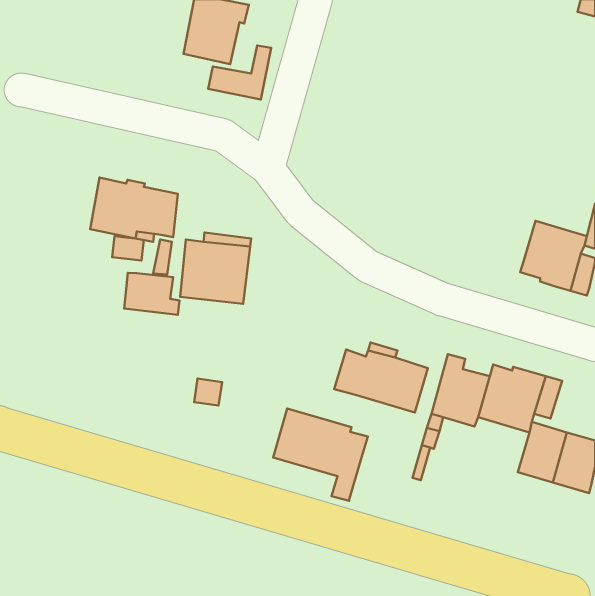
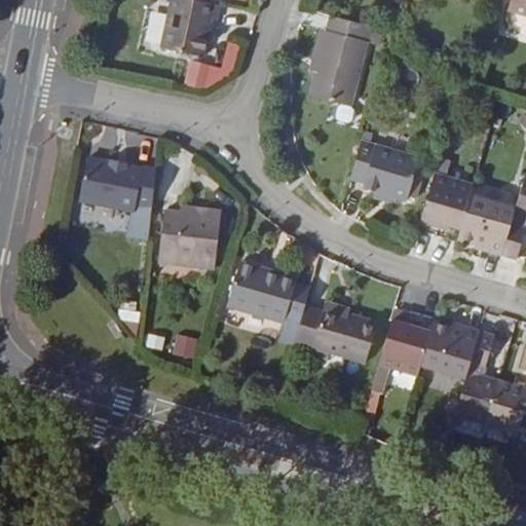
building: none -> [309,15,371,106]
building: none -> [350,132,418,200]
building: none -> [420,174,474,229]
building: [124,273,180,315] -> none
building: [273,408,368,501] -> [227,262,310,343]

